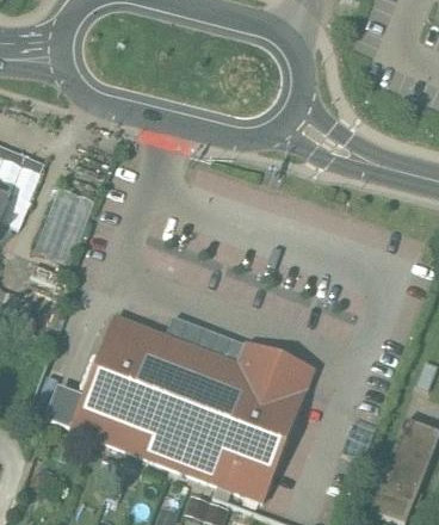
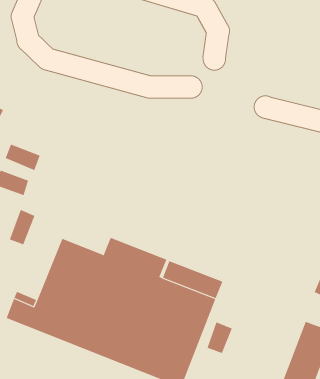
building: none -> [9,209,35,245]
building: none -> [207,322,232,354]

